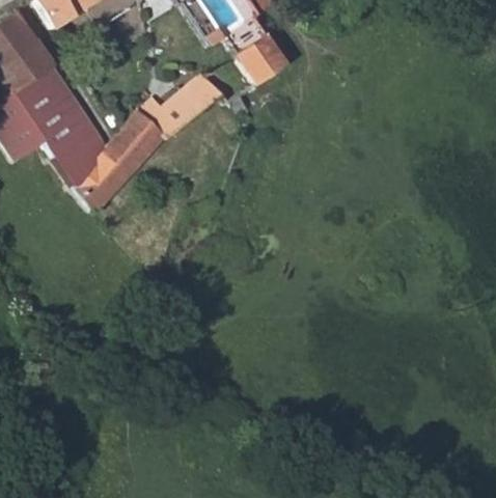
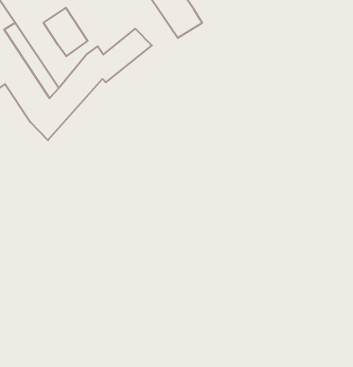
building: none -> [44,8,88,56]

